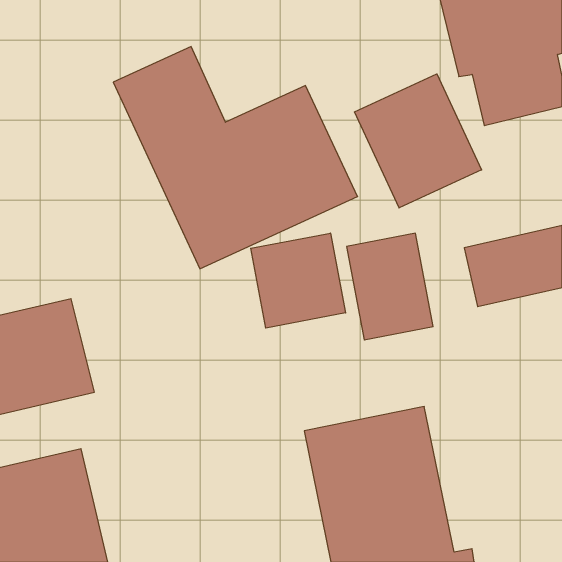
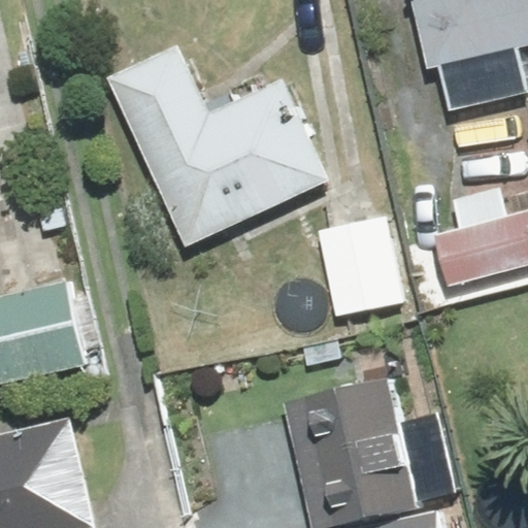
building: [355,74,482,208] -> none
building: [251,233,346,328] -> none

